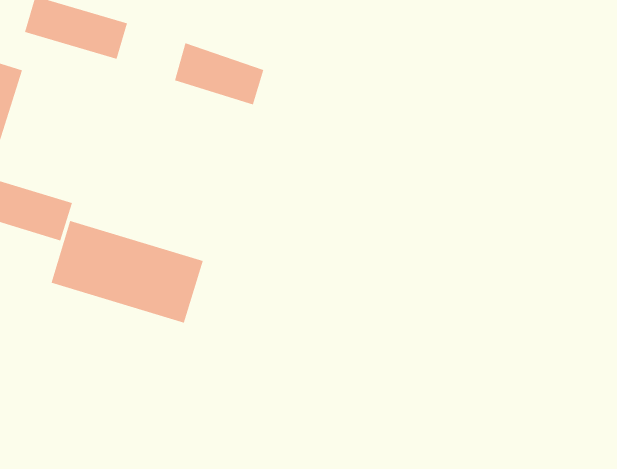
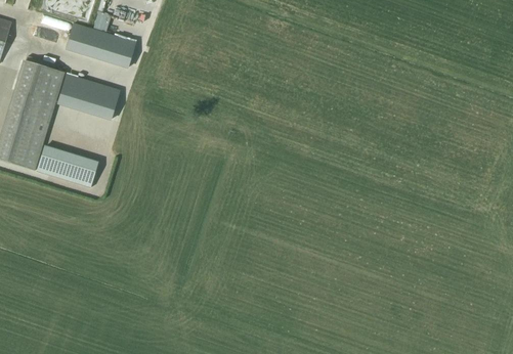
building: [174,43,264,105] -> [58,76,119,118]
building: [51,220,203,324] -> none

